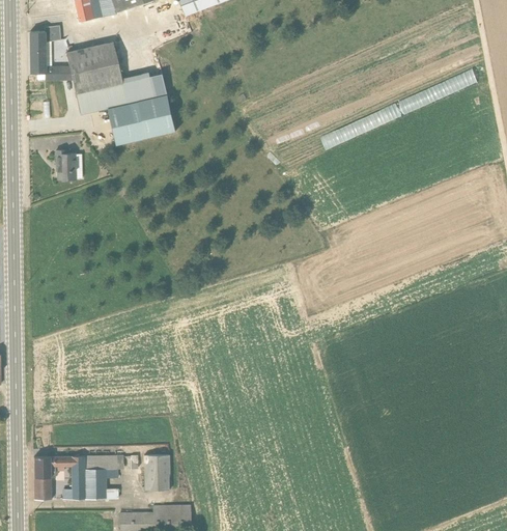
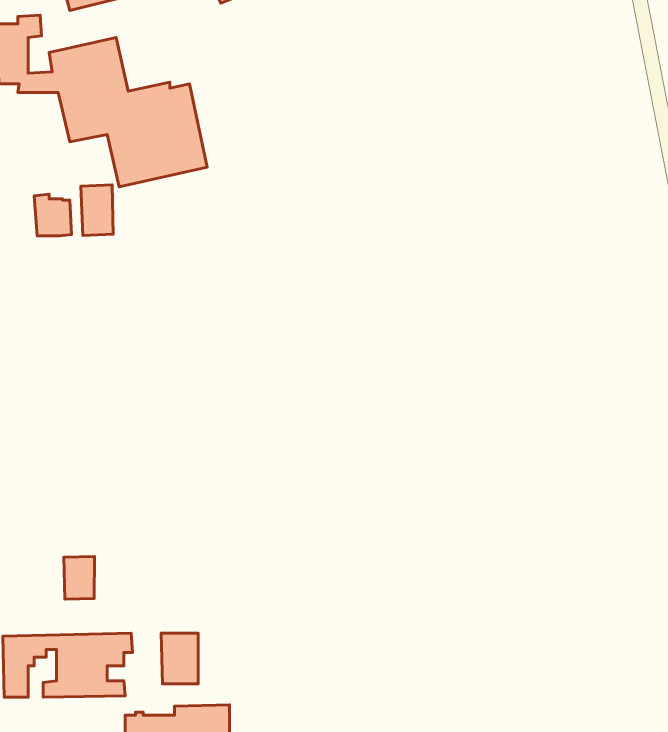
building: none -> [81,185,113,236]
building: none -> [64,557,95,599]

